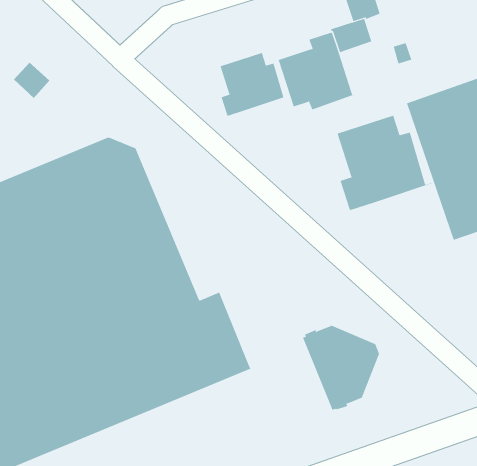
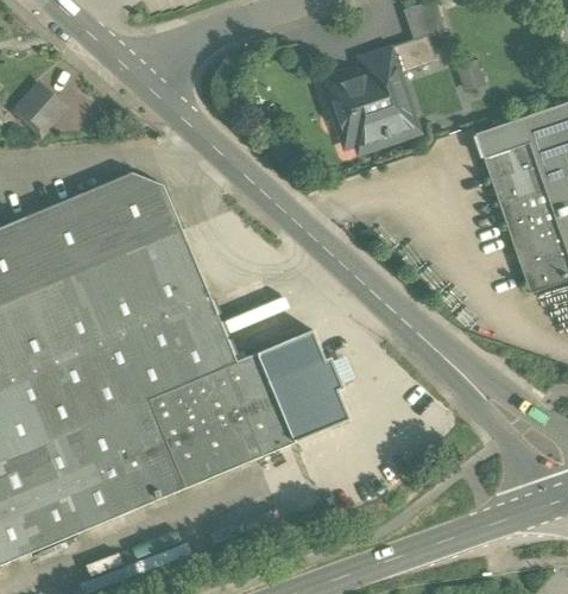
building: [220,52,289,117] -> none
building: [337,115,433,211] -> none
building: [302,325,380,410] -> [260,341,351,440]

